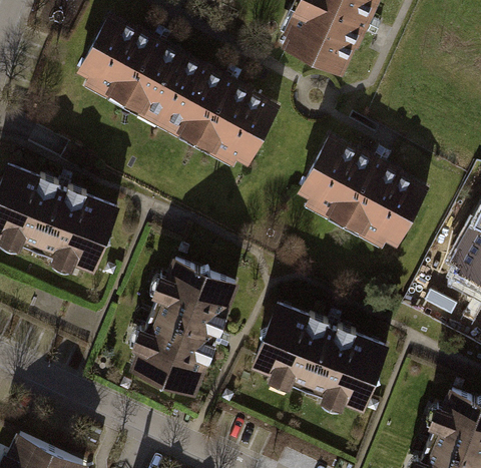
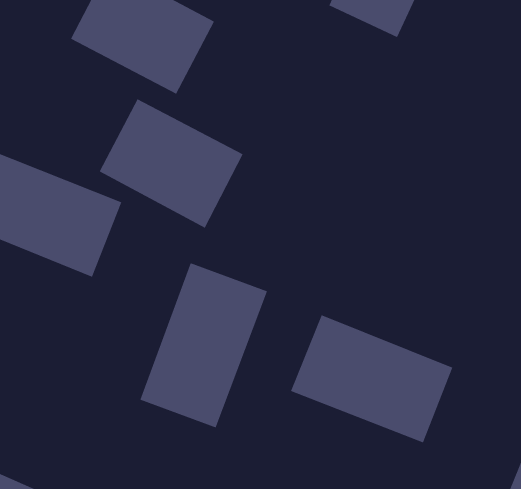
building: [158,64,276,169] -> [99,99,243,228]
building: [298,139,425,250] -> none

